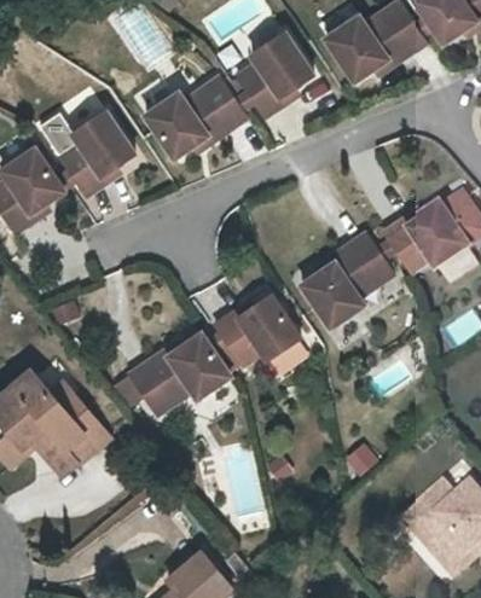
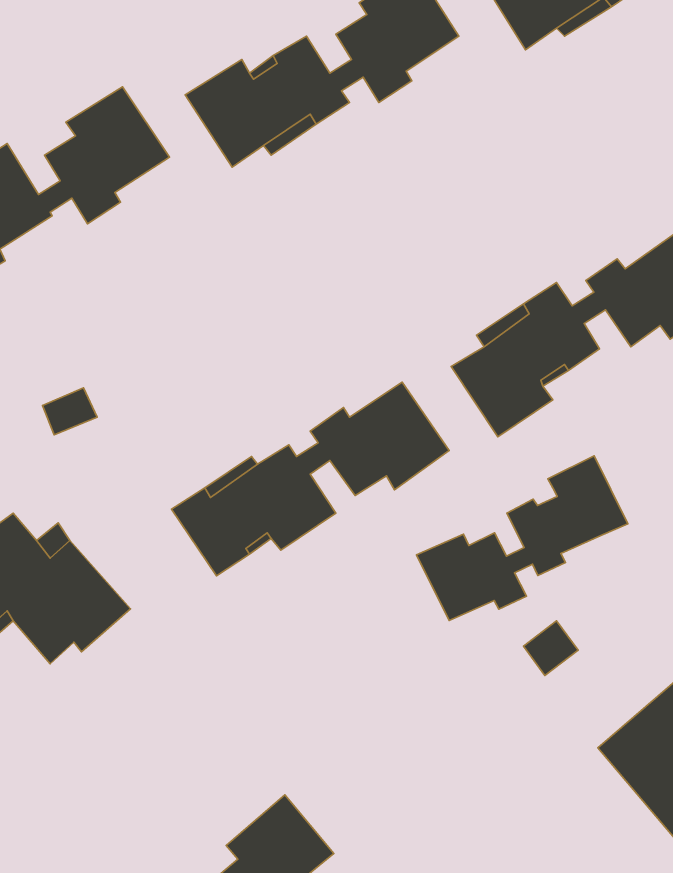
building: none -> [416,456,628,621]

